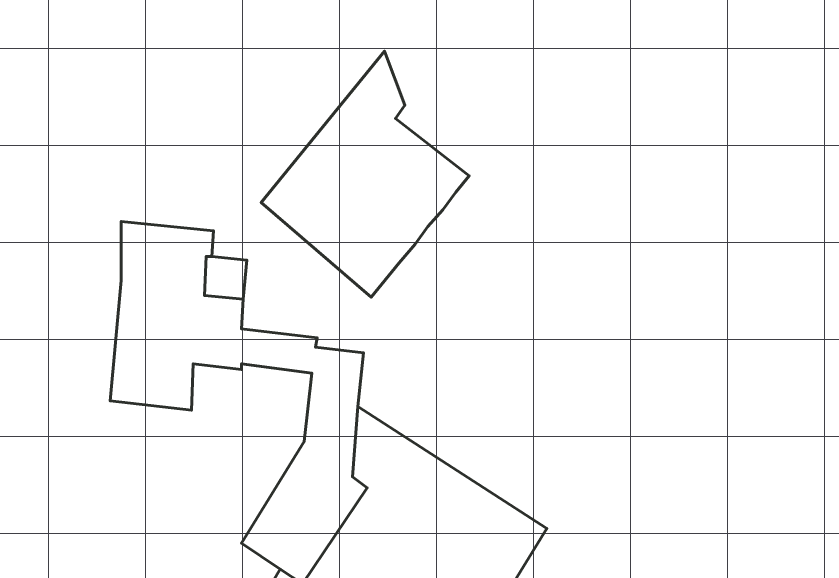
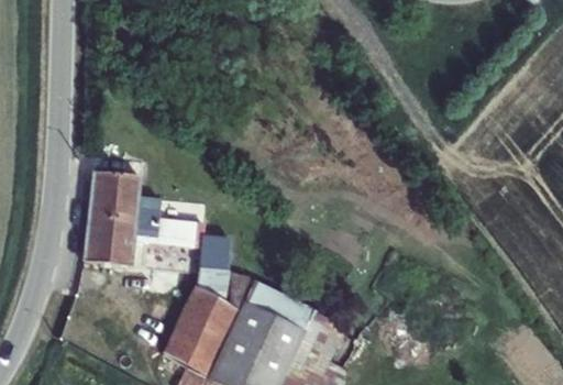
building: [261,51,469,297] -> none

